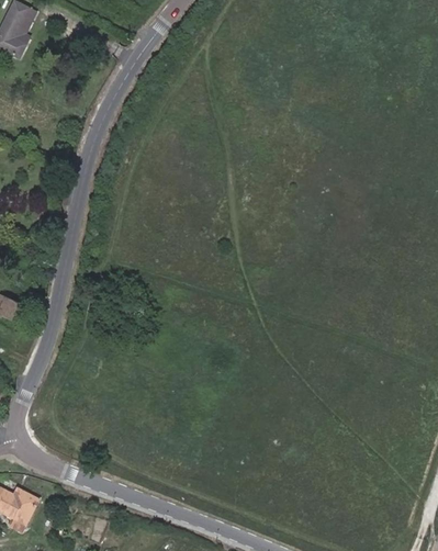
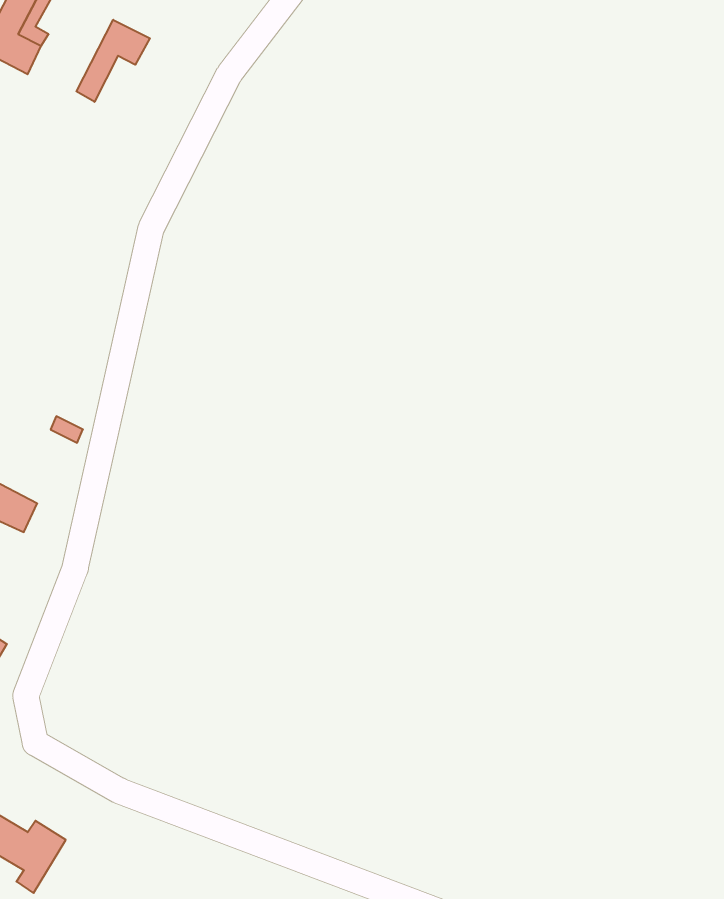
building: none -> [76,20,150,102]

